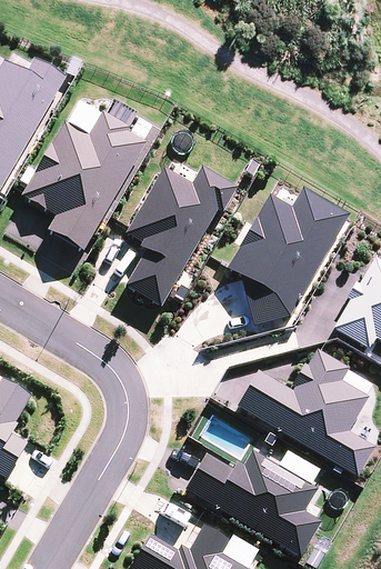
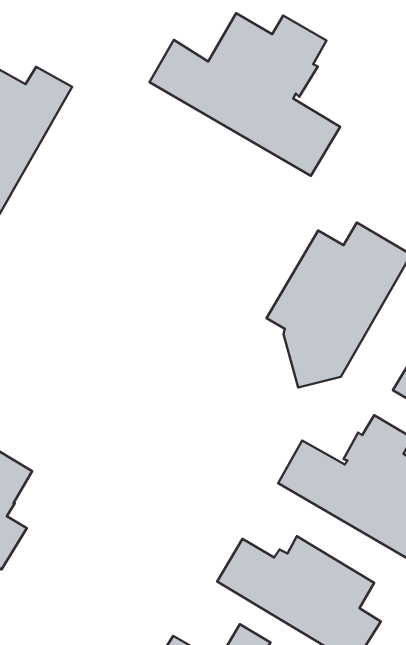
building: none -> [150,13,340,176]
building: [20,110,147,249] -> none
building: [127,166,238,306] -> none

